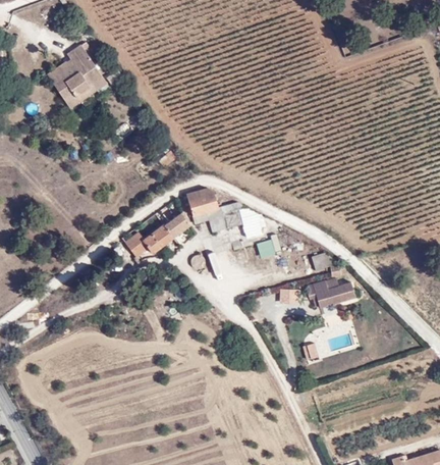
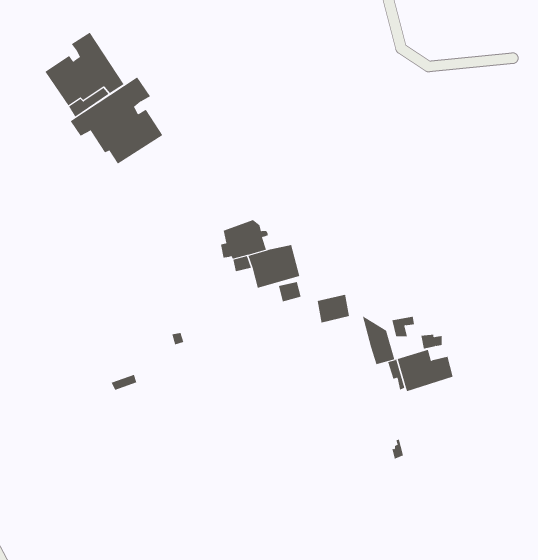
building: none -> [70,76,163,164]
building: [234,201,259,238] -> [362,315,395,365]
building: [120,212,185,258] -> none

